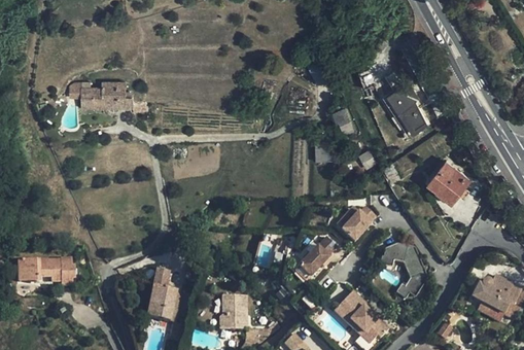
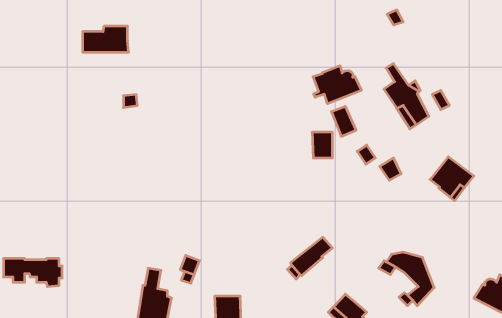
building: none -> [313,66,361,104]
building: [82,81,127,106] -> [83,26,129,52]
building: [342,210,378,244] -> none

